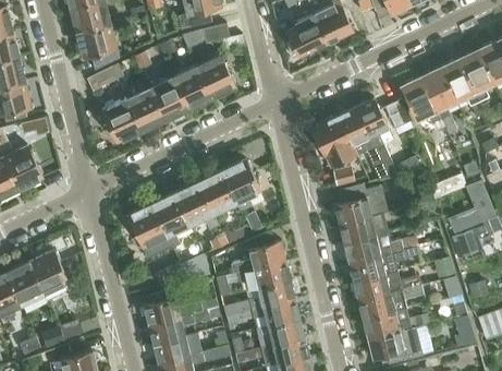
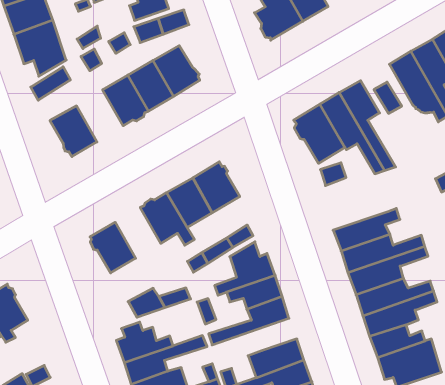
building: [125,87,164,132] -> none
building: [334,184,388,226] -> none
building: [150,192,188,247] -> none
building: [225,299,299,325] -> none

